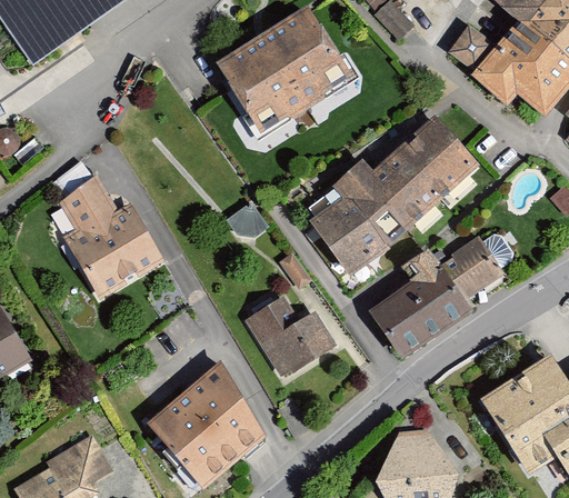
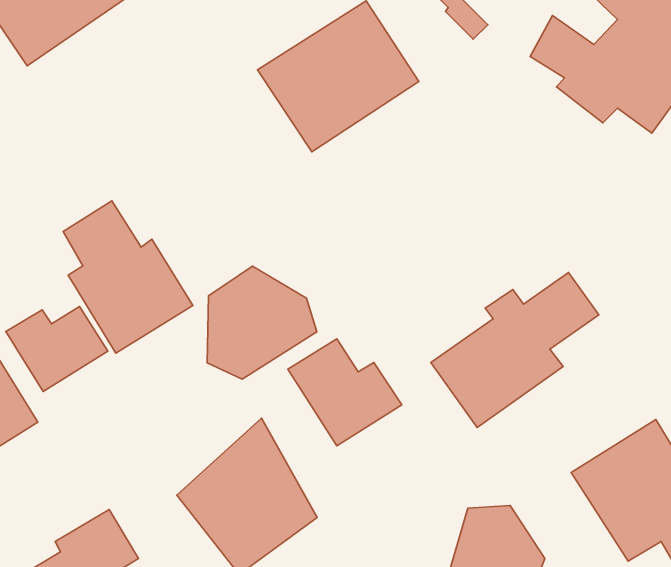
building: [308,117,483,277] -> none
building: none -> [207,266,317,379]
building: none -> [6,306,108,391]

